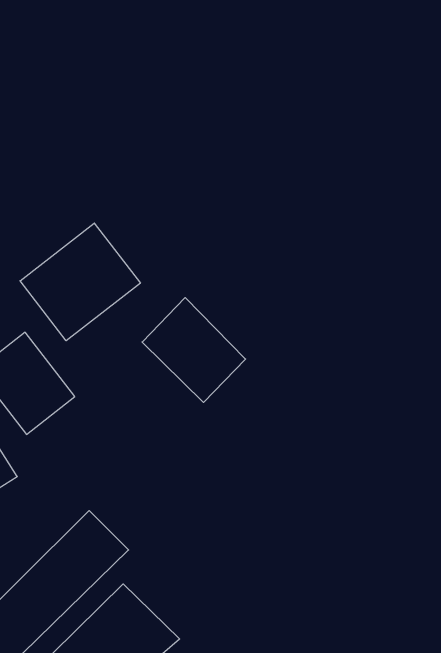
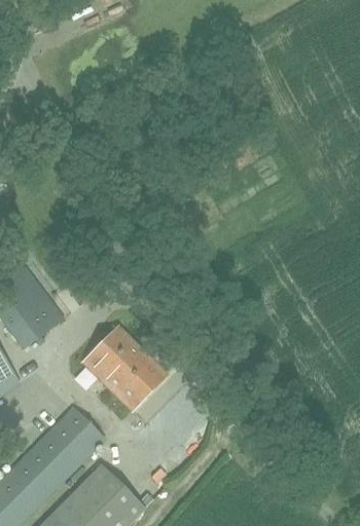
building: [20,223,140,341] -> none
building: [142,298,246,402] -> [84,327,166,409]

